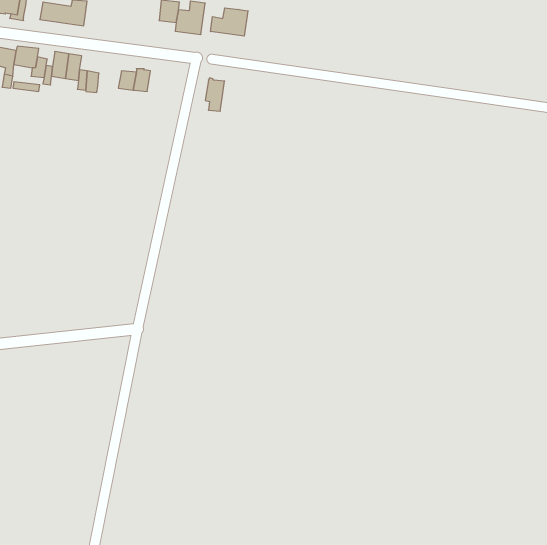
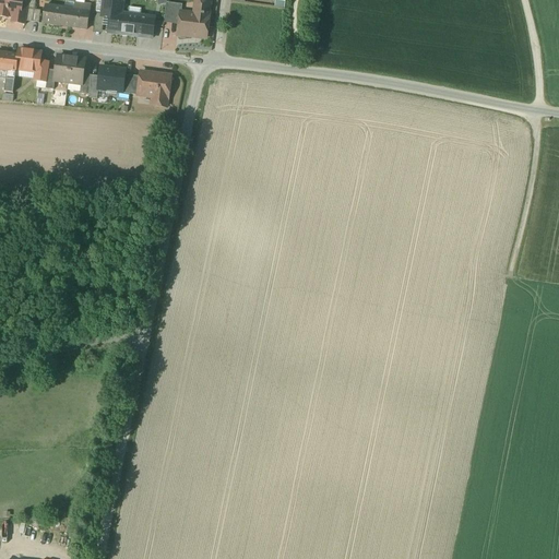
building: [211,8,248,36] -> none
building: none -> [106,9,153,38]
building: none -> [99,64,123,90]
building: [205,78,225,111] -> [150,70,169,104]

